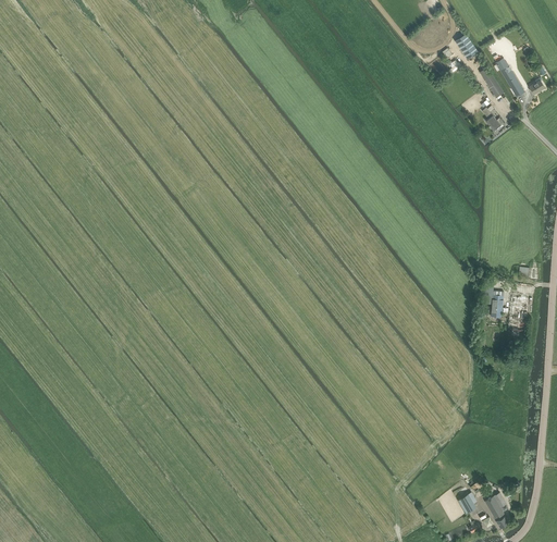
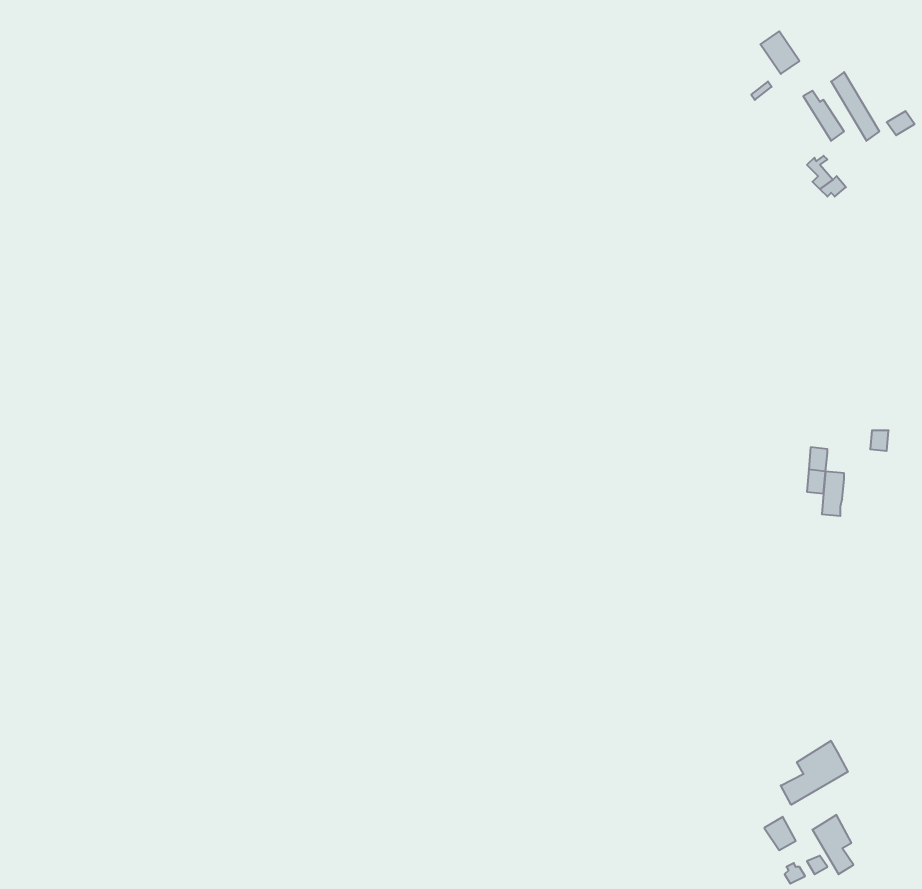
building: none -> [781,741,848,805]

